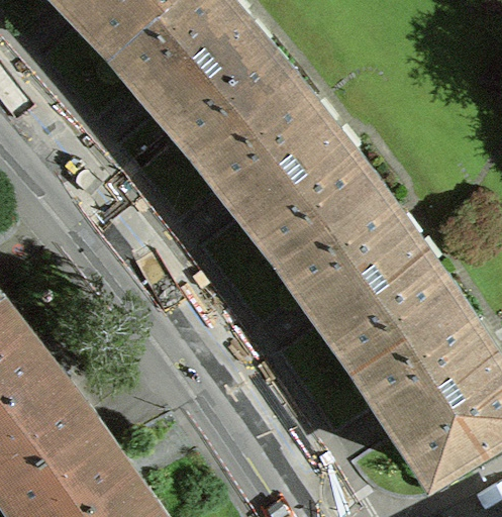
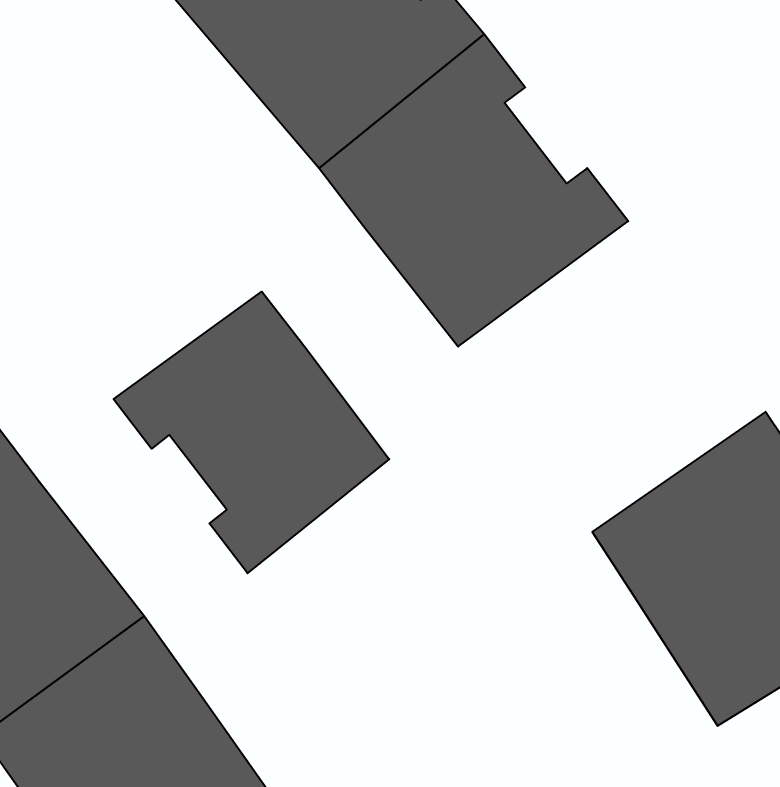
building: [273,180,454,363] -> none
building: none -> [114,292,389,573]

